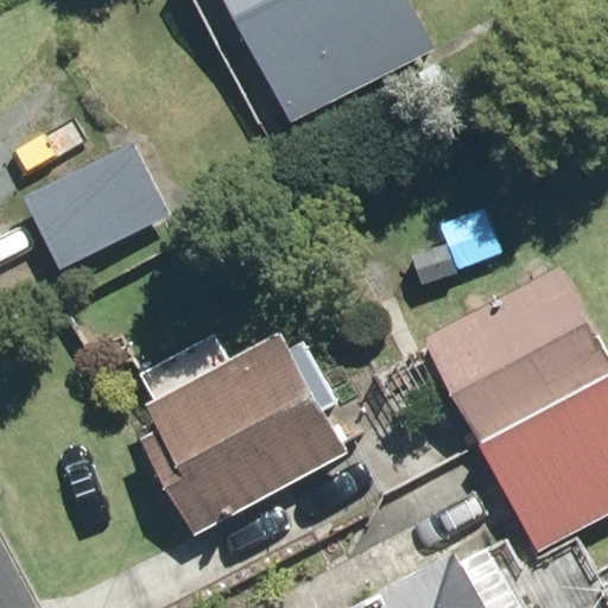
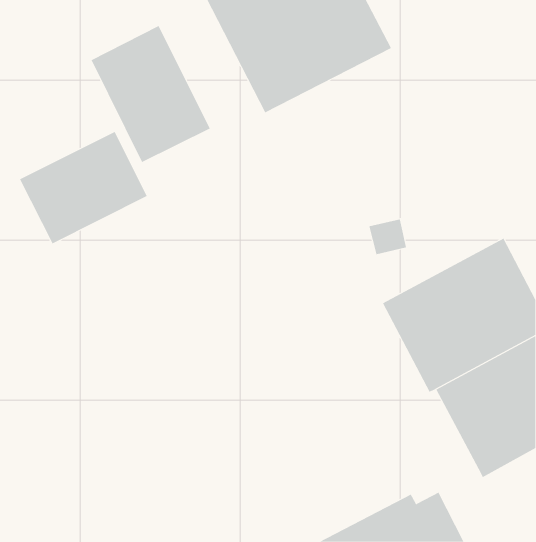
building: none -> [91,25,211,163]
building: [137,336,346,540] -> none

